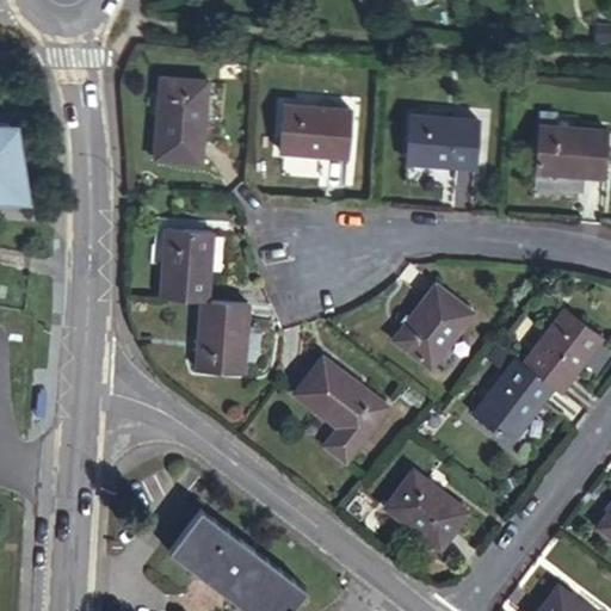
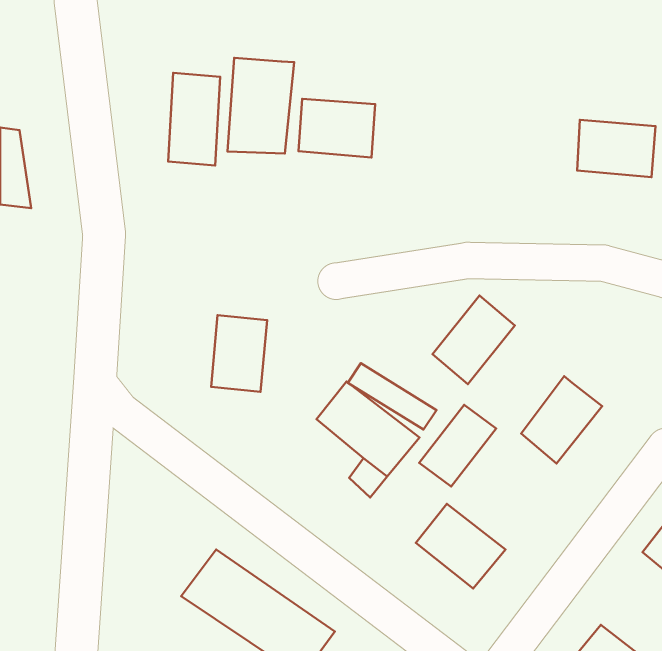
building: none -> [228,58,294,153]
building: [402,113,476,165] -> none
building: [158,228,210,302] -> none
building: [527,309,603,389] -> none
building: none -> [419,405,496,486]

